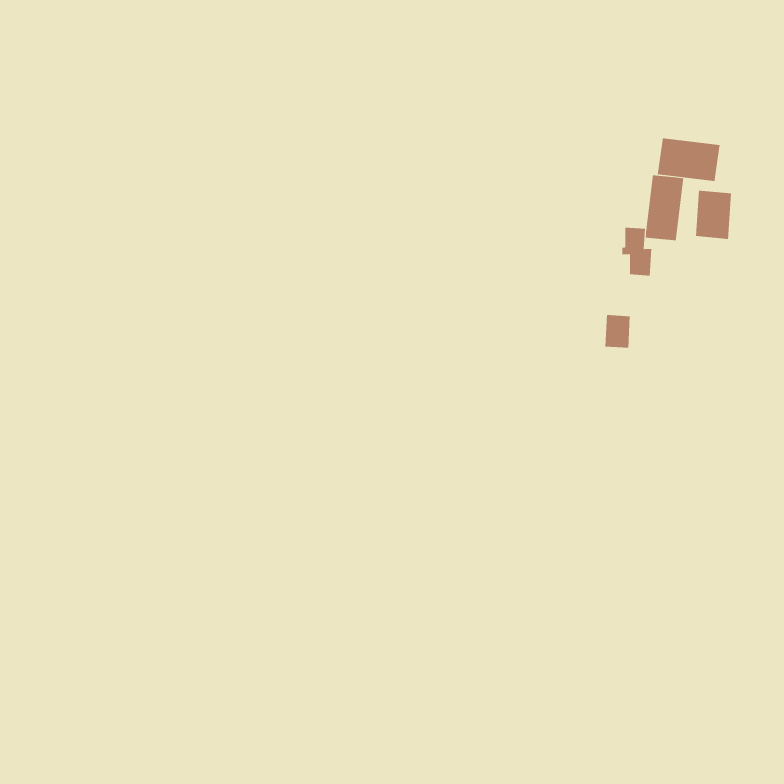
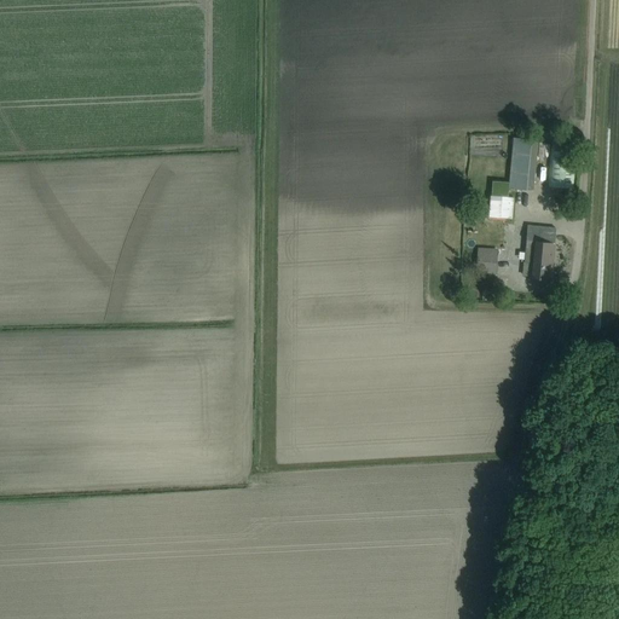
building: [657,137,720,182] -> none
building: none -> [523,226,556,280]

